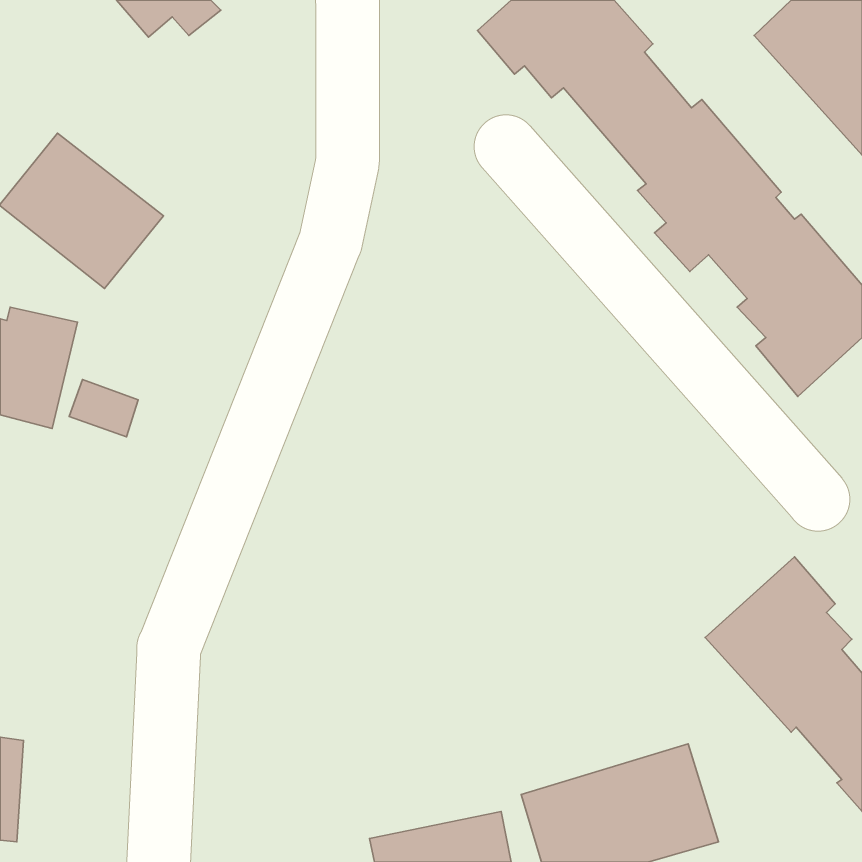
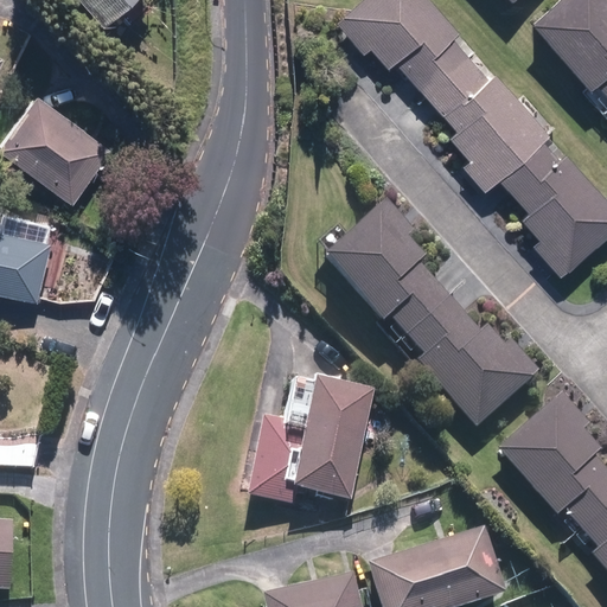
building: none -> [325,199,539,427]
building: none -> [248,377,370,500]

